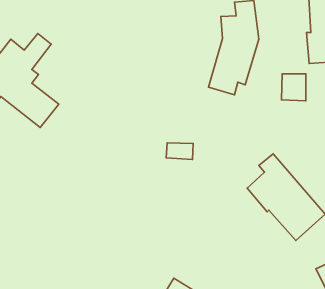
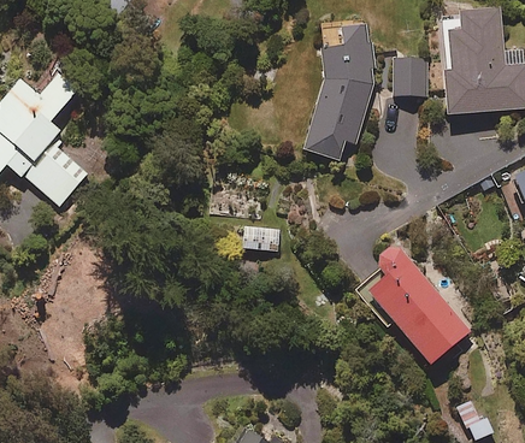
building: [281,74,306,101] -> [394,58,429,96]

